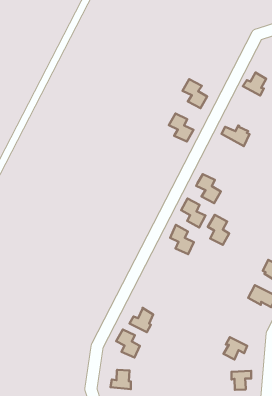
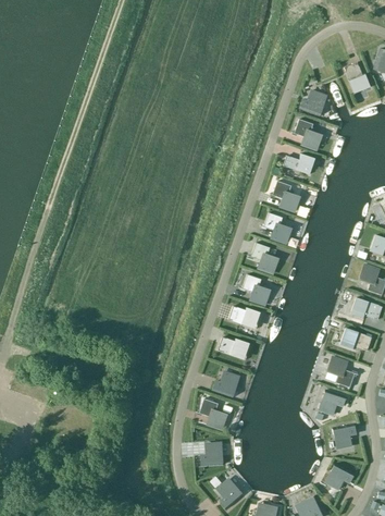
building: [183,79,207,108] -> [294,119,322,149]
building: [169,114,193,142] -> [272,181,300,210]
building: [208,215,229,245] -> none
building: none -> [228,306,261,329]
building: none -> [218,336,250,359]
building: none -> [327,356,355,386]

